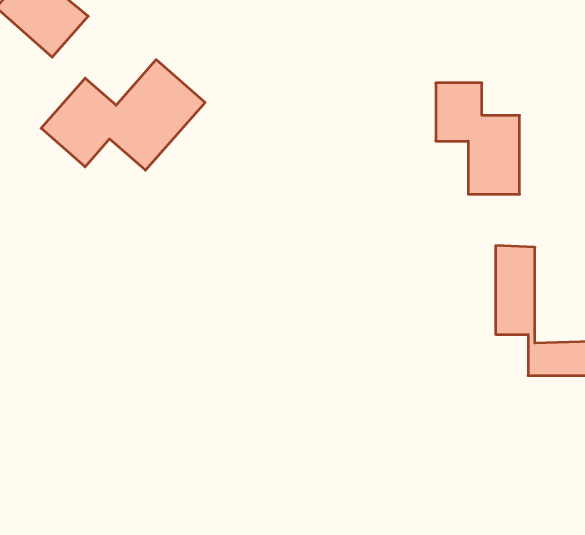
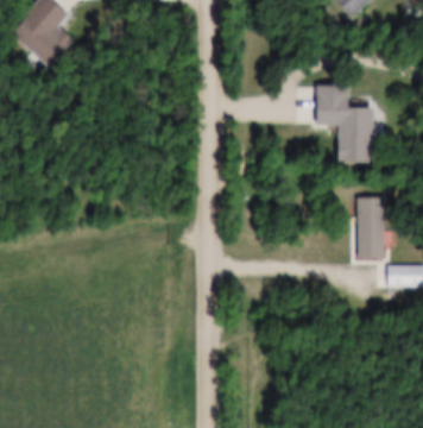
building: [41,60,205,170] -> none

